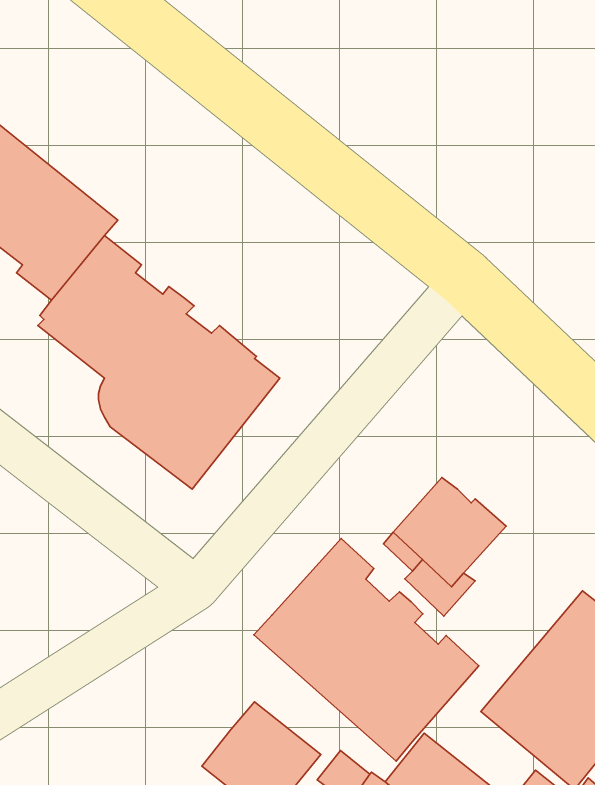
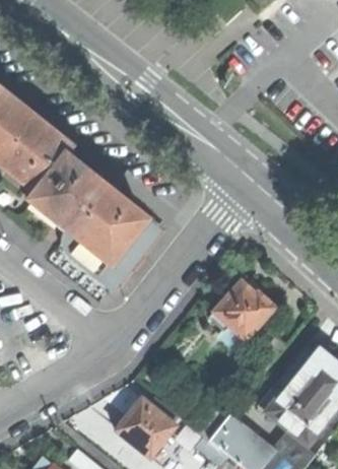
building: [254,538,479,761] -> none

